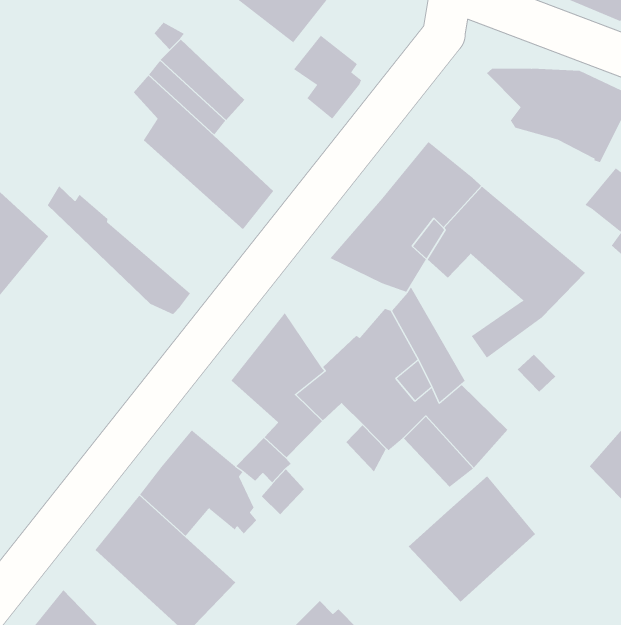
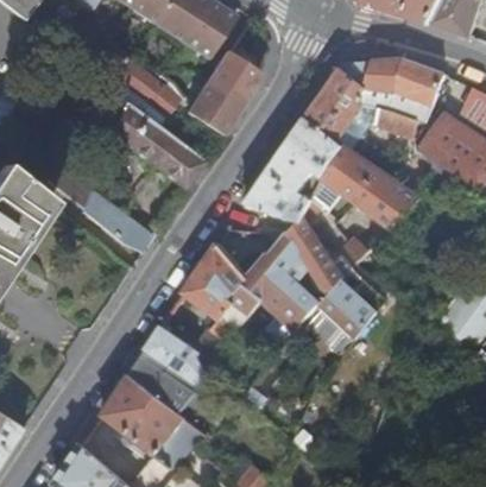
building: none -> [187,75,239,133]
building: none -> [305,67,419,139]
building: [408,475,536,602] -> none

